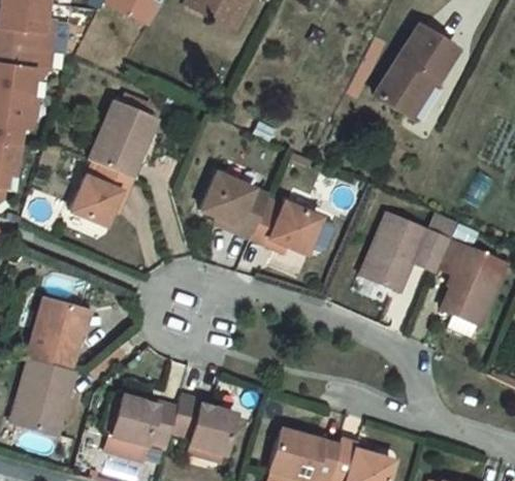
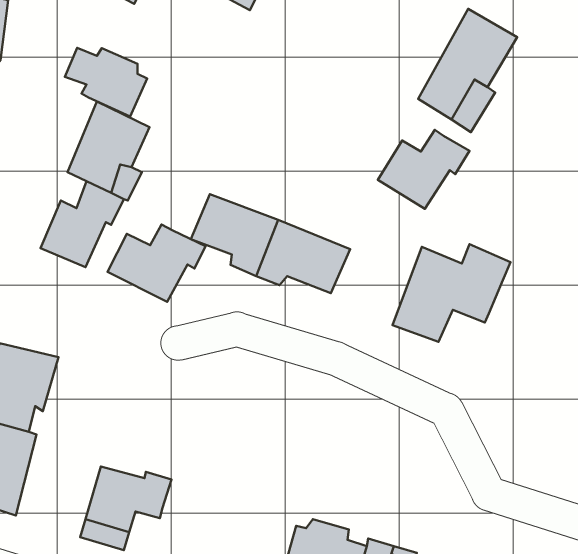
building: none -> [65,48,147,117]
building: none -> [378,130,469,209]
building: none -> [108,224,205,302]
building: [436,242,503,338] -> none
building: [173,389,235,453] -> none

